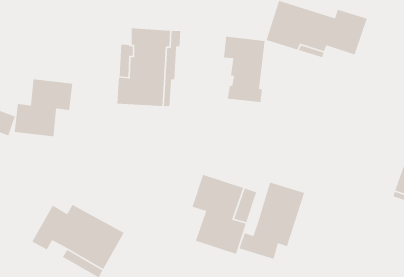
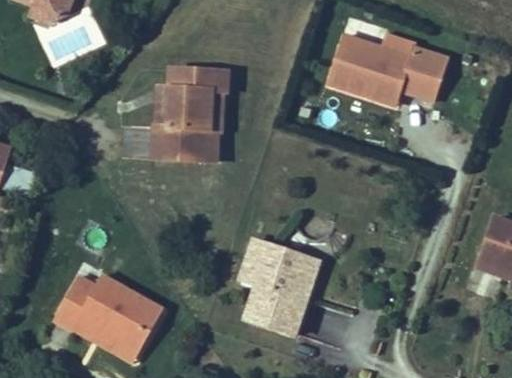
building: [223,36,266,103] -> none
building: [14,79,73,137] -> none
building: [239,182,305,260] -> none

